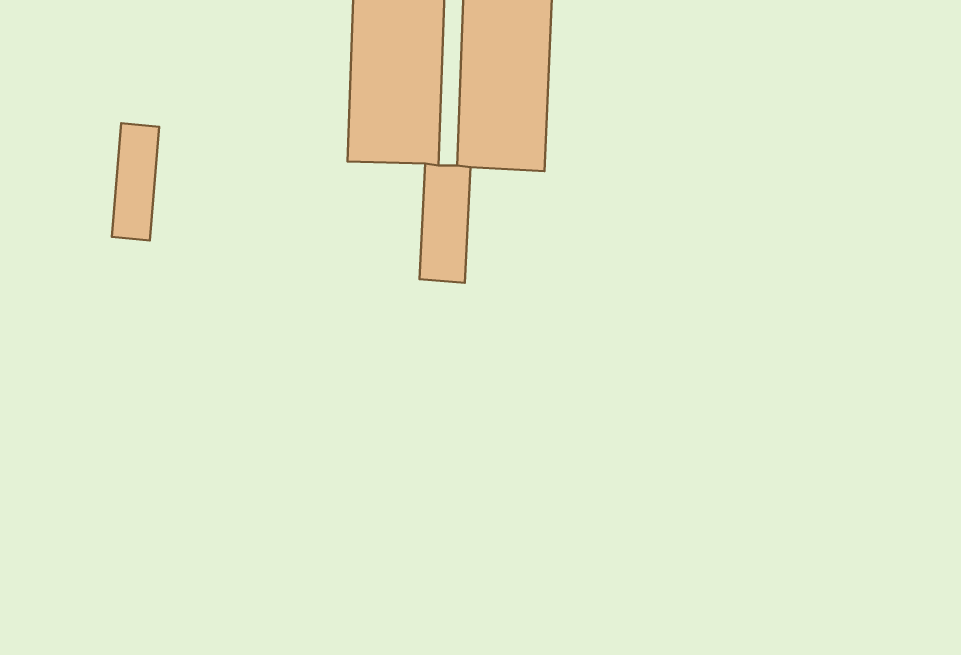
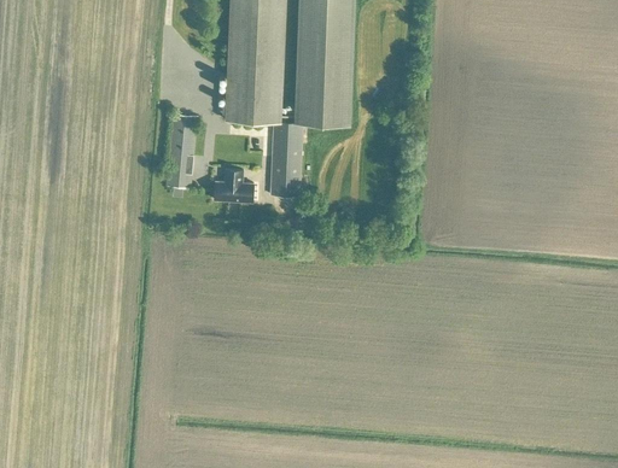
building: [112,123,159,241] -> [167,115,197,189]
building: none -> [215,170,253,203]

